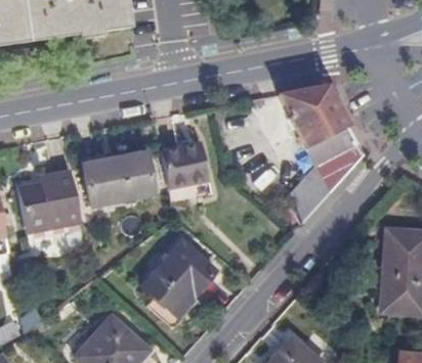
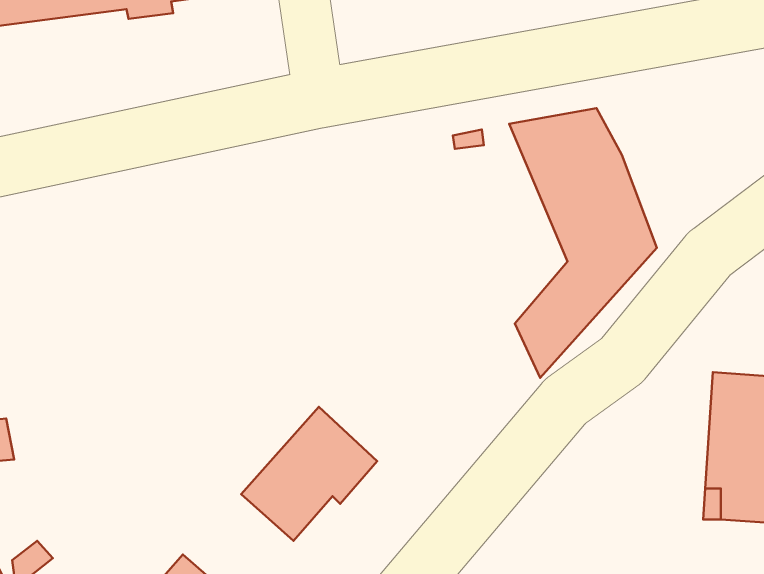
building: [161,142,208,186] -> none
building: [83,154,155,207] -> none
building: [18,171,82,232] -> none

